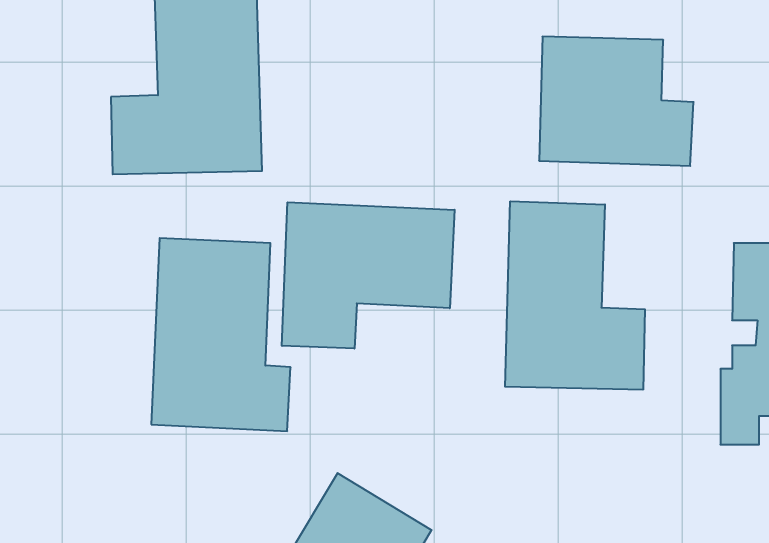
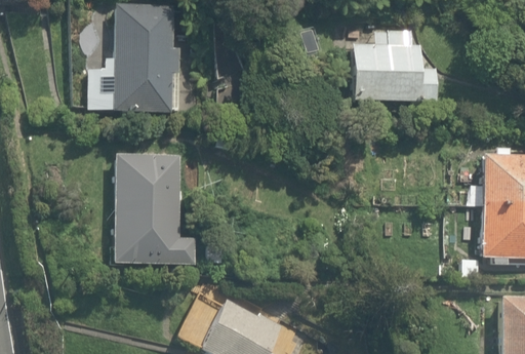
building: [505,201,645,390] -> none
building: [282,202,455,349] -> none

